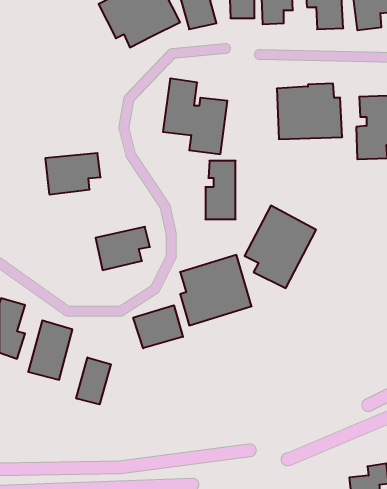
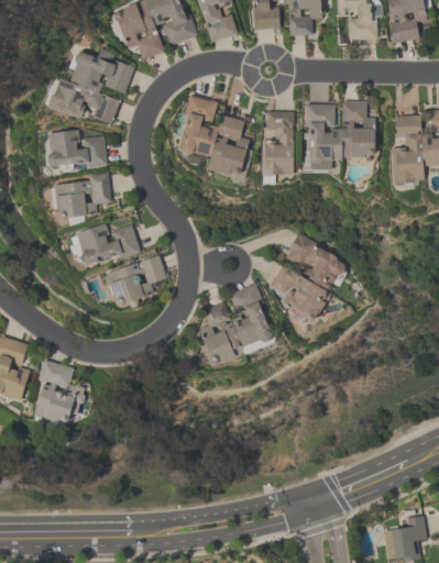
building: none -> [48,47,134,129]
building: none -> [46,131,106,170]
building: [205,161,236,219] -> [261,112,294,176]
building: none -> [70,220,140,267]
building: [133,305,183,348] -> none
building: [76,357,111,404] -> none

